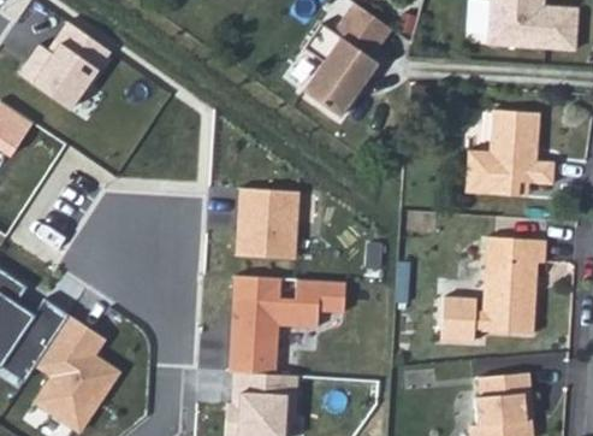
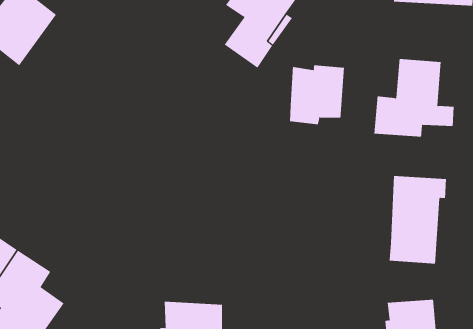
building: none -> [289,65,344,125]
building: [237,188,301,261] -> none
building: [230,277,348,377] -> none
building: [441,296,482,341] -> none

